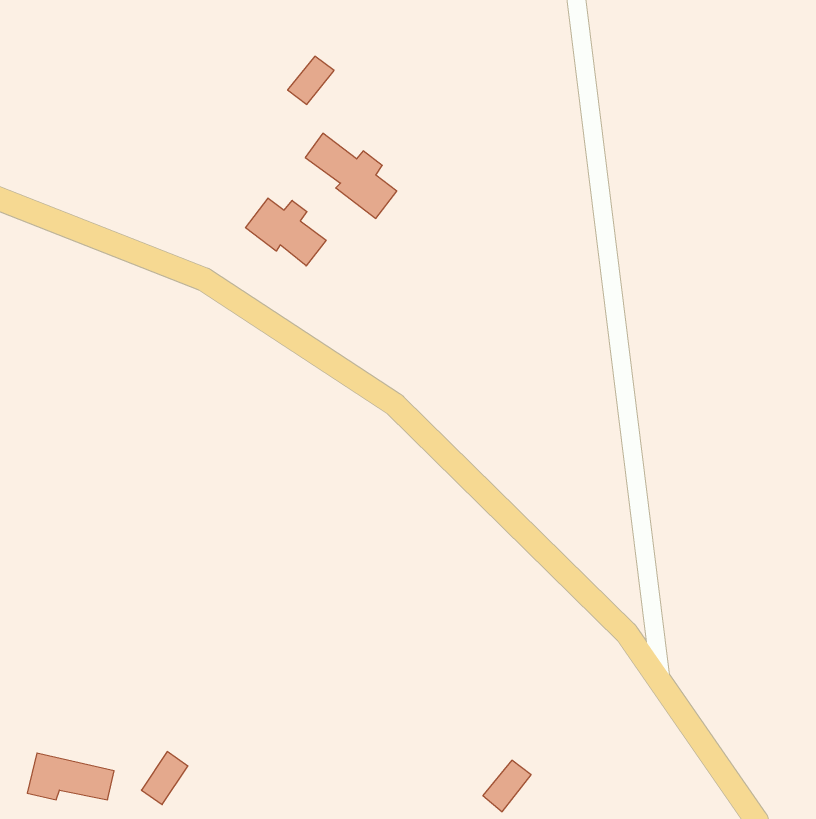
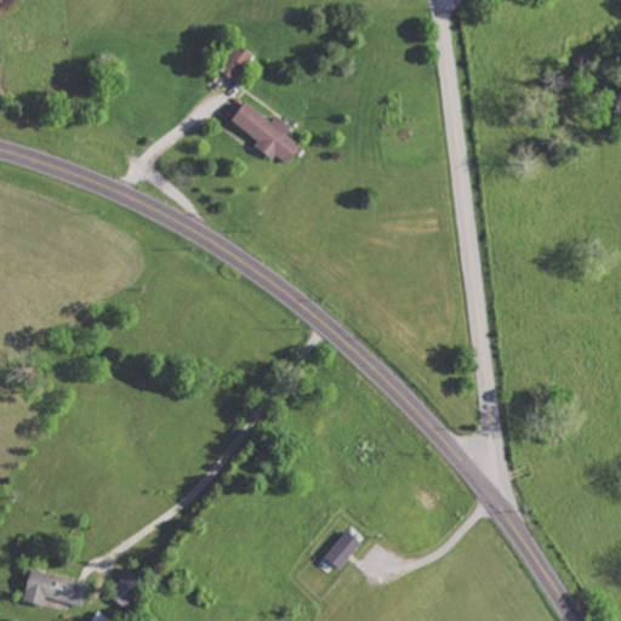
building: [246,198,326,266] -> none
building: [483,760,531,812] -> [323,530,359,569]

